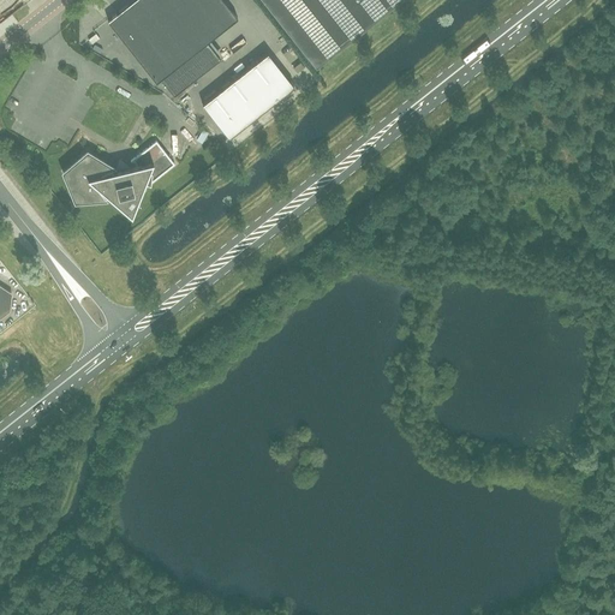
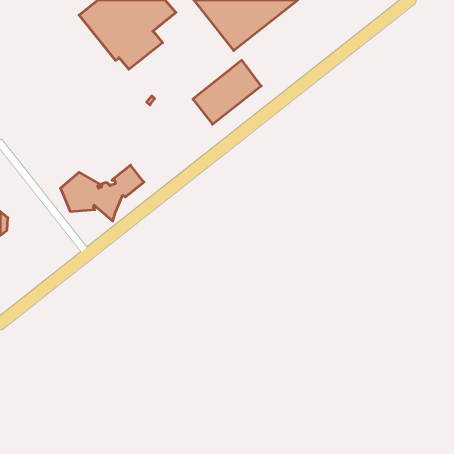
building: [202,52,294,138] -> [193,60,261,124]
building: [61,141,174,216] -> [60,165,144,221]

